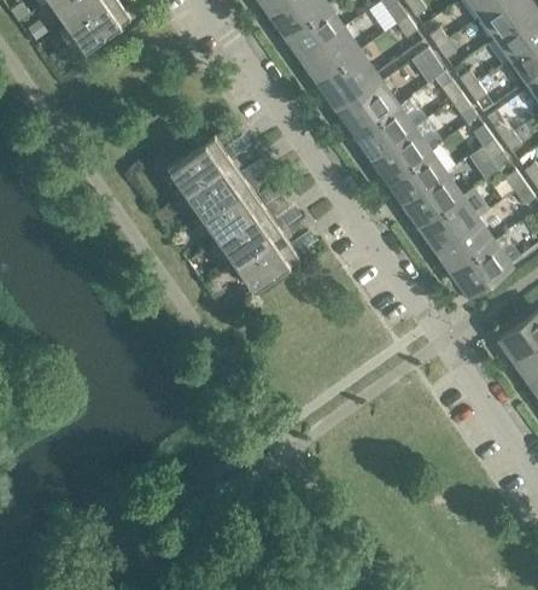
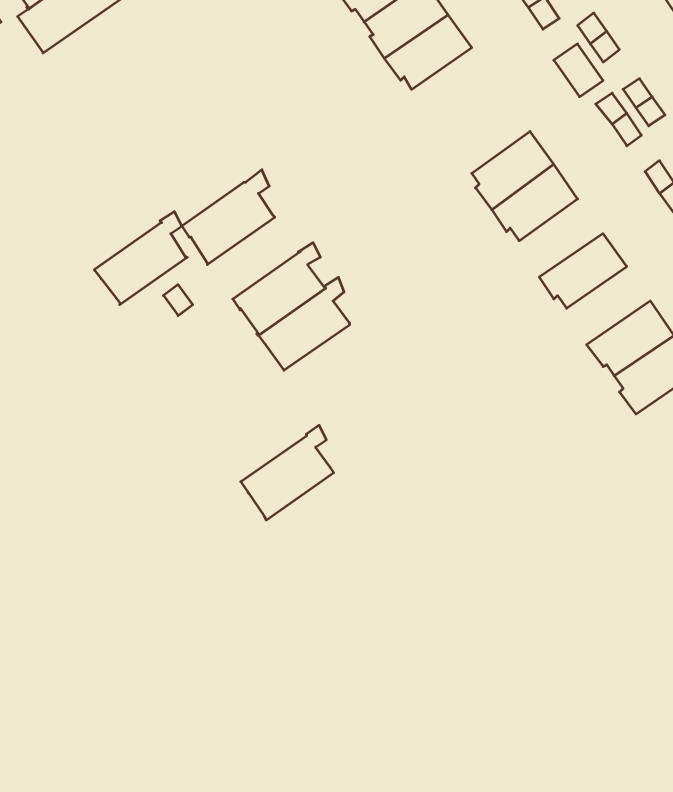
building: [318,51,375,104] -> none
building: [339,82,397,134] -> none
building: [390,151,445,203] -> none
building: [183,156,245,217] -> [94,212,187,305]
building: [421,195,476,247] -> none
building: [234,227,296,290] -> [241,425,334,520]

